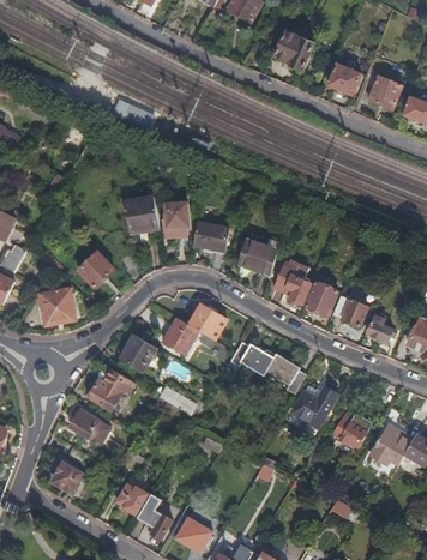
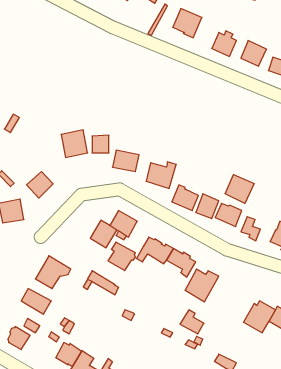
building: none -> [225,175,254,203]
building: [119,332,156,371] -> [108,242,135,271]
building: [330,416,362,448] -> [180,310,204,334]

